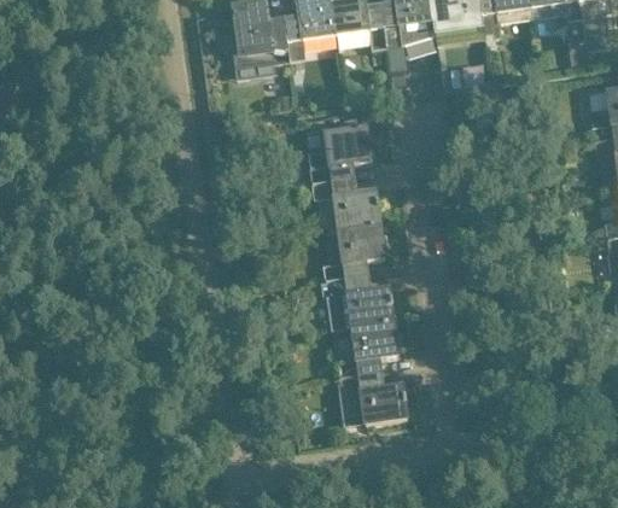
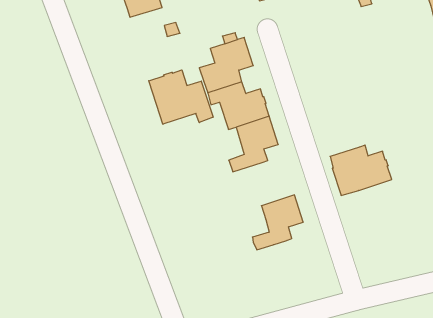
building: none -> [149,70,213,124]
building: [326,271,393,326] -> [330,145,392,195]
building: [338,368,407,421] -> none

